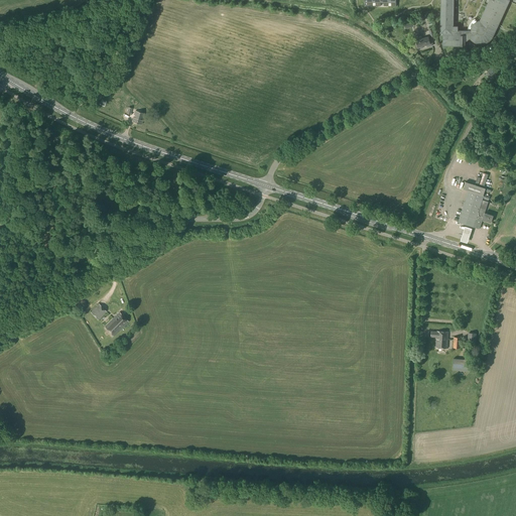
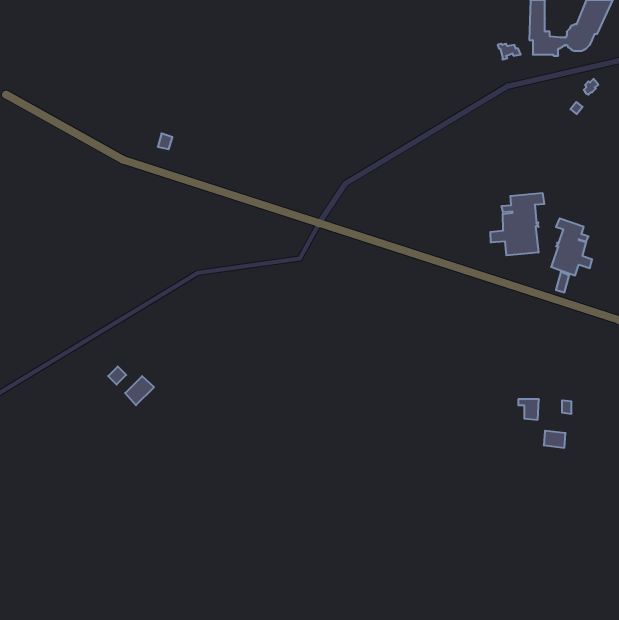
building: none -> [490,193,544,255]

